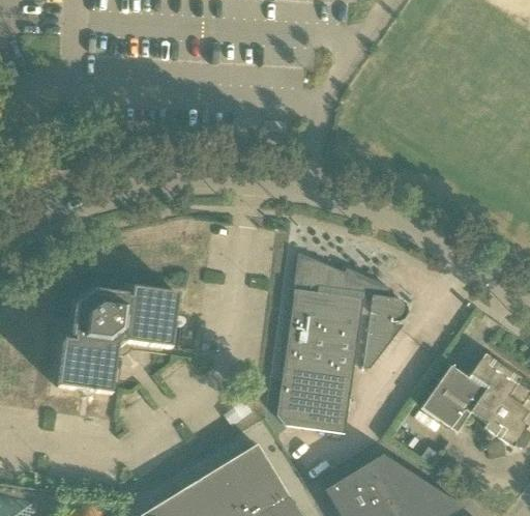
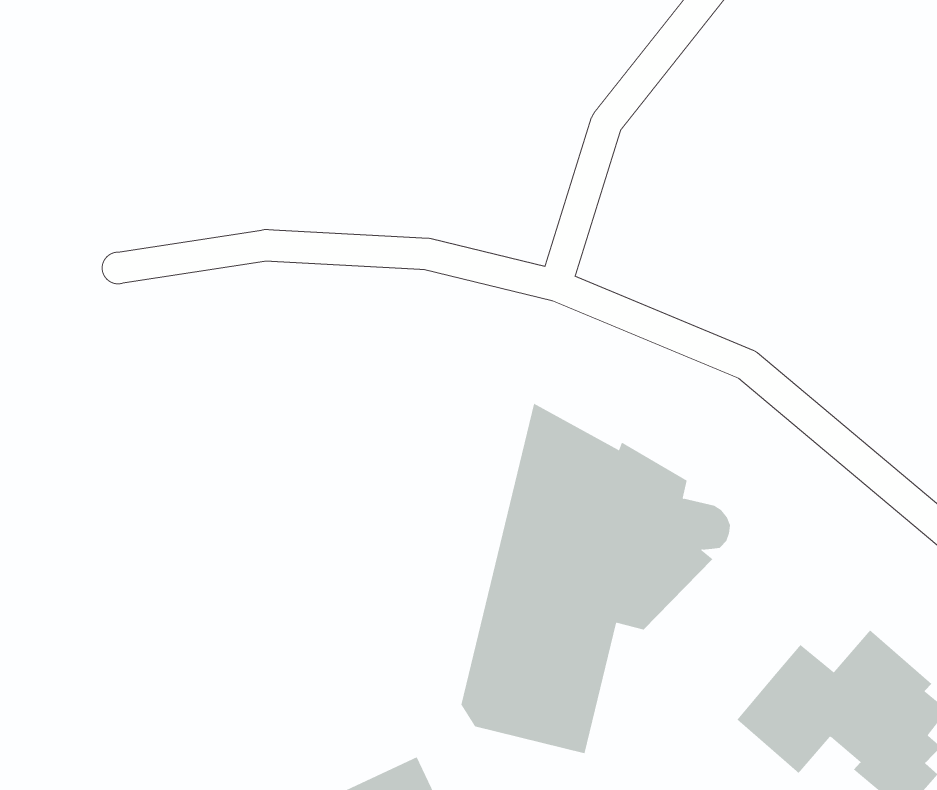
building: [58,288,179,395] -> none

